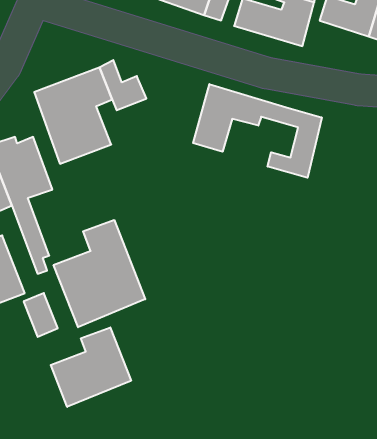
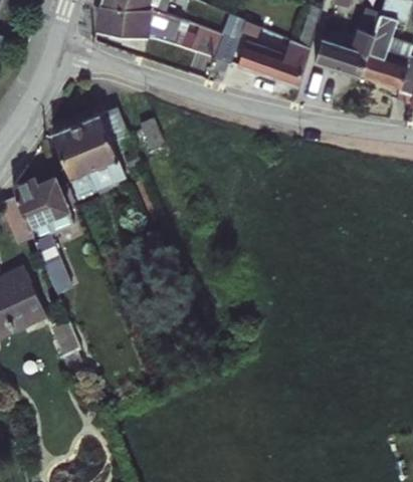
building: [193,84,322,178] -> none
building: [54,220,145,327] -> none
building: [51,327,131,407] -> none

